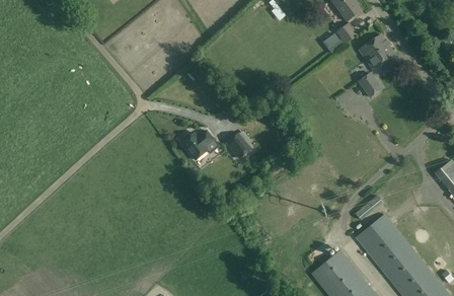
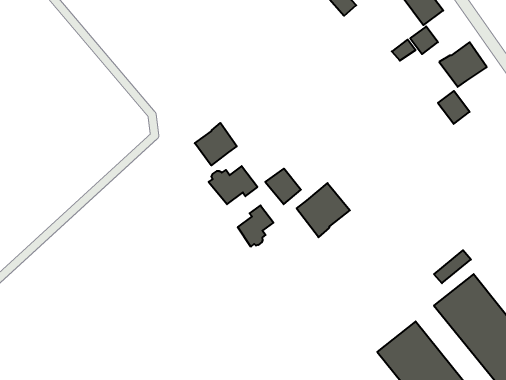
building: none -> [195,123,237,165]
building: none -> [297,183,350,237]
building: none -> [238,205,273,247]

